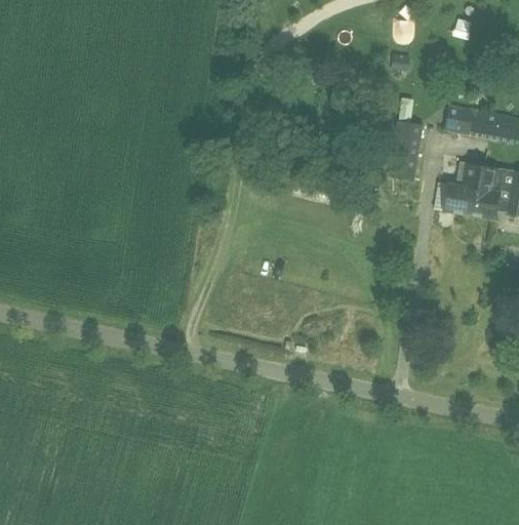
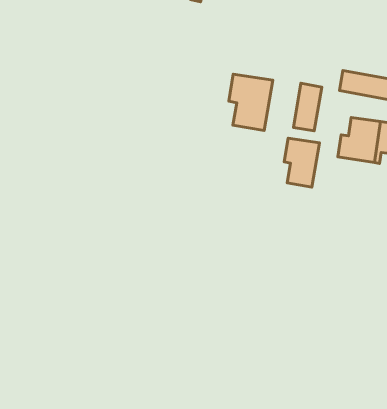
building: none -> [229,74,273,131]
building: none -> [284,138,319,187]

